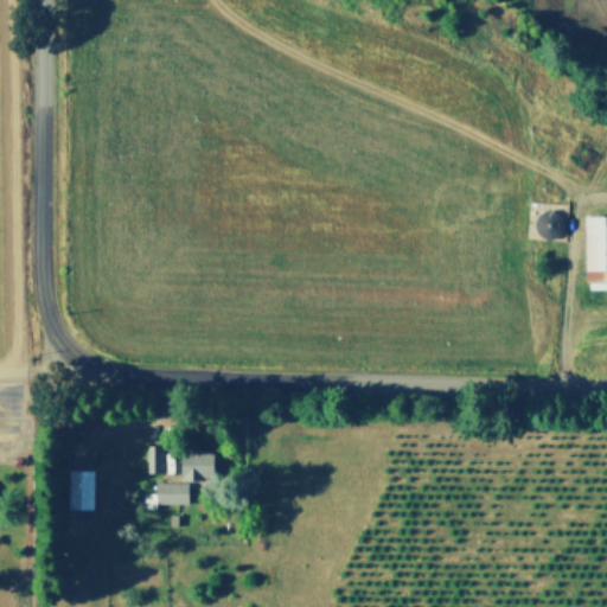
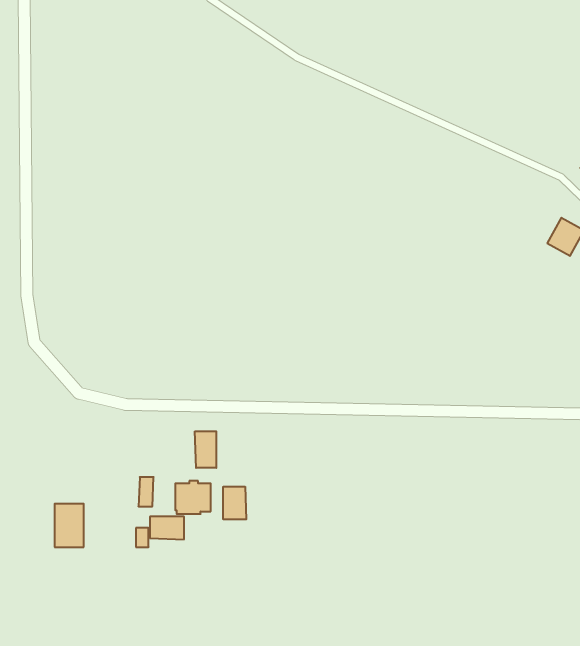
building: none -> [195,431,216,468]
building: none -> [223,487,246,519]

